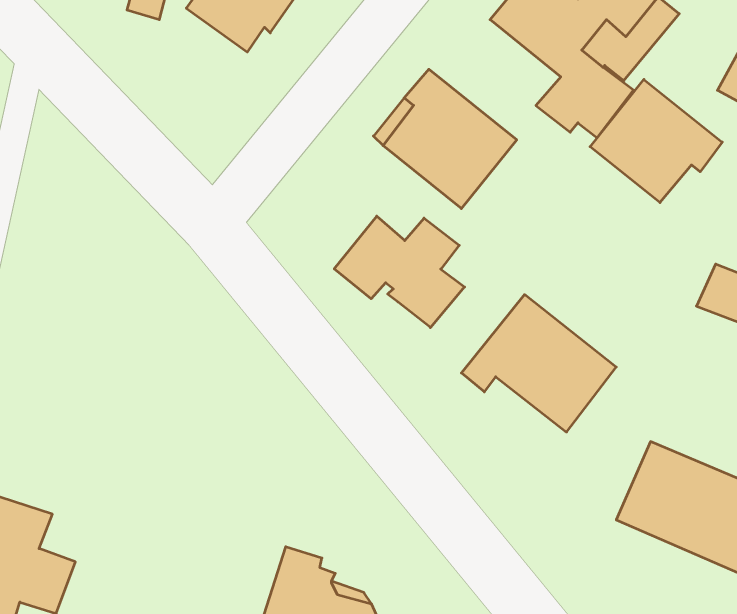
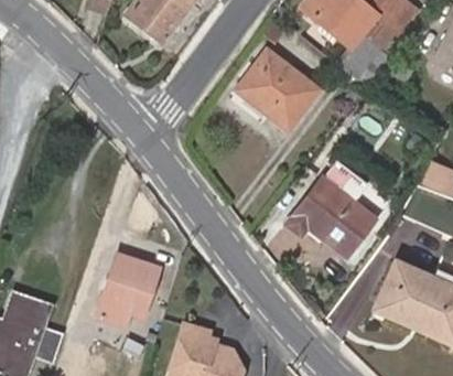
building: [590,79,722,203] -> none
building: [334,216,465,328] -> none
building: none -> [99,250,162,323]

